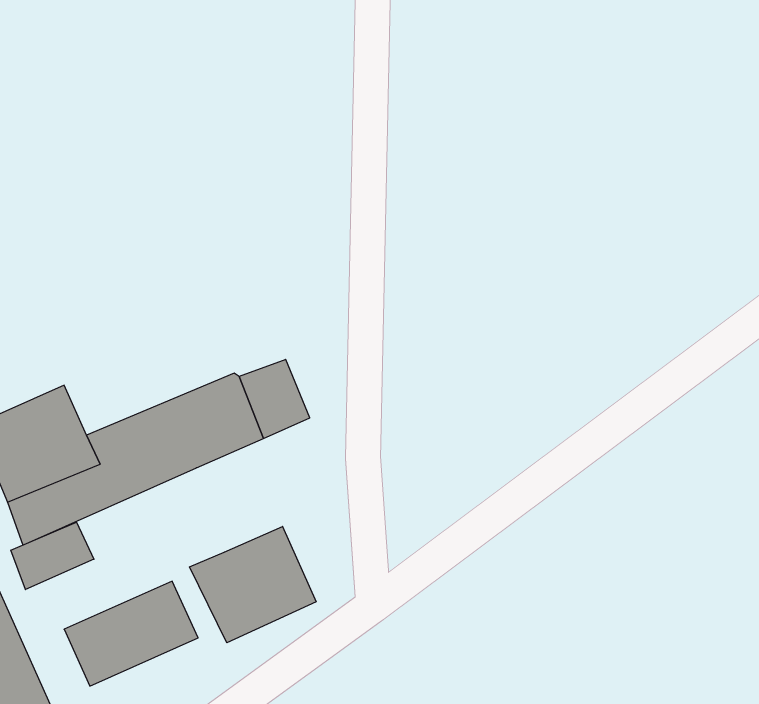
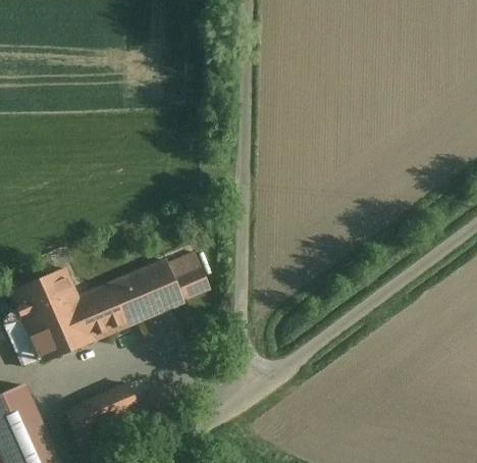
building: [11,522,94,590] -> none
building: [189,526,316,643] -> none

